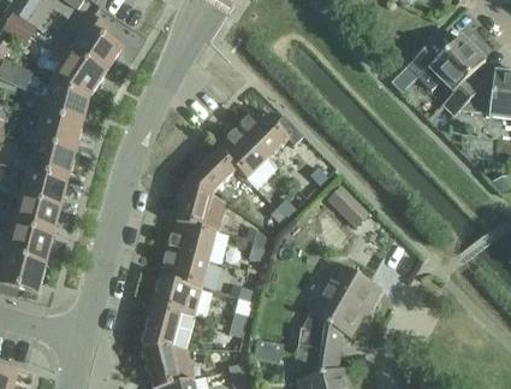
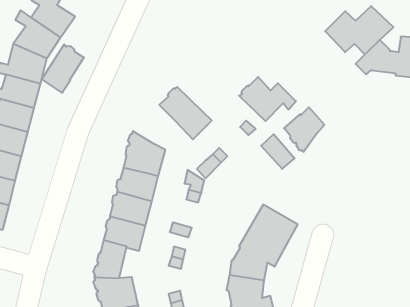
building: none -> [42,44,84,93]
building: [238,107,303,158] -> [239,77,296,121]
building: [188,149,237,194] -> none
building: none -> [284,107,324,152]

